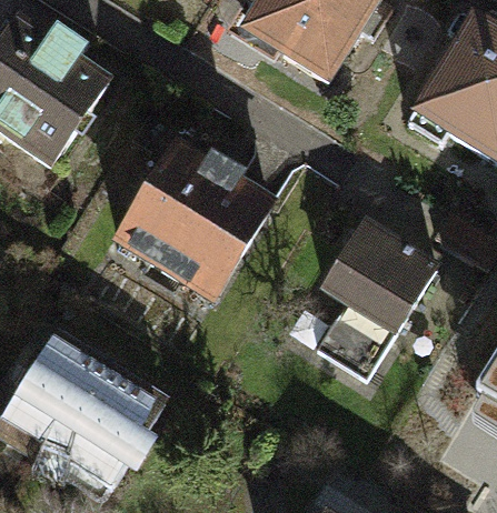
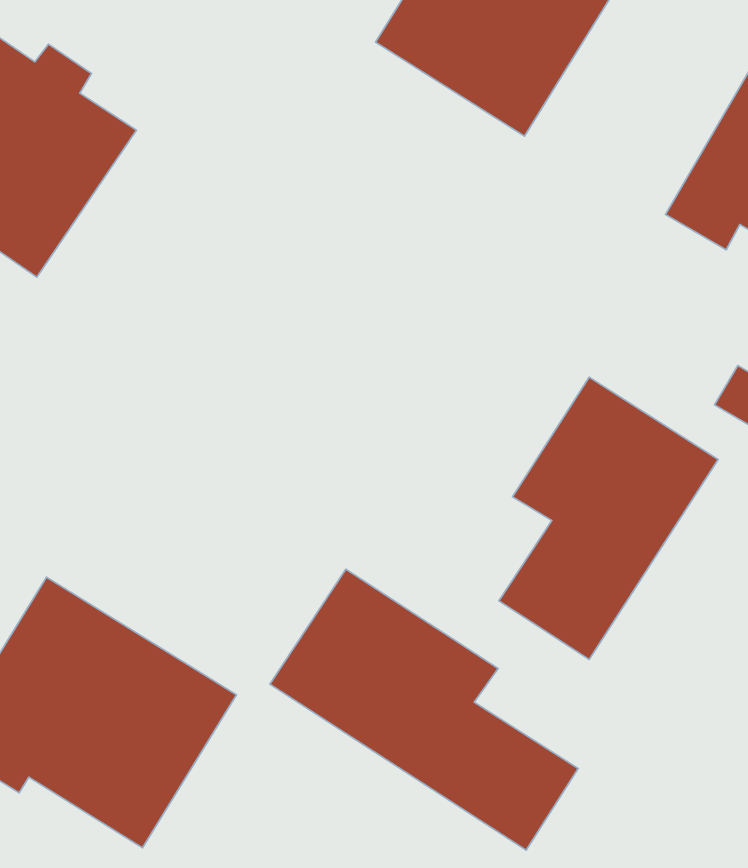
building: [115,141,270,295] -> none
building: none -> [270,569,578,850]

